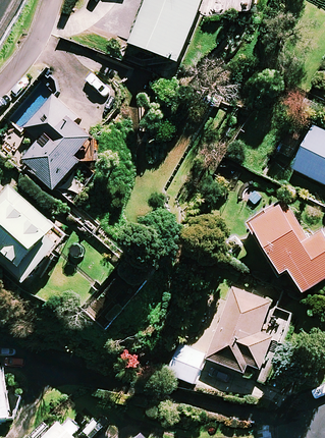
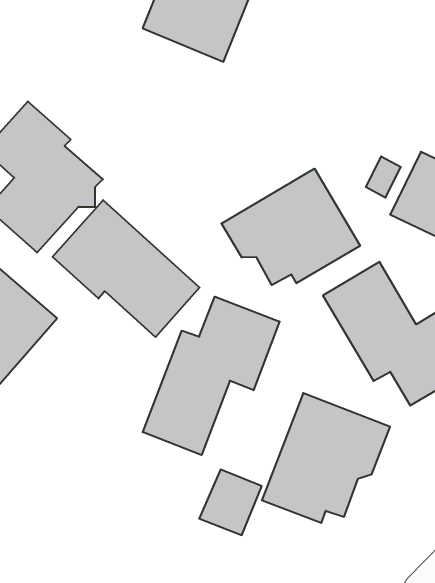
building: none -> [221,169,360,285]
building: none -> [53,200,200,337]
building: none -> [143,297,280,455]

